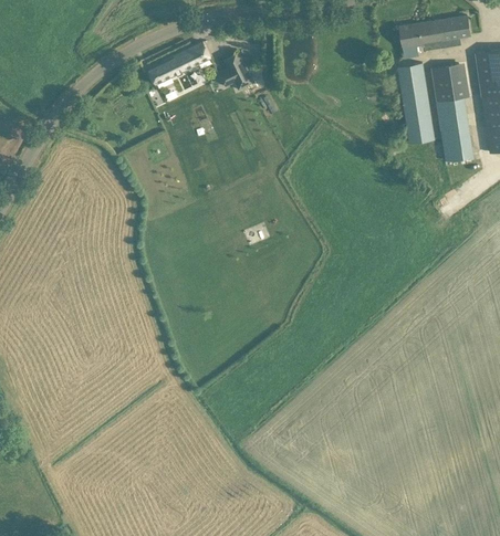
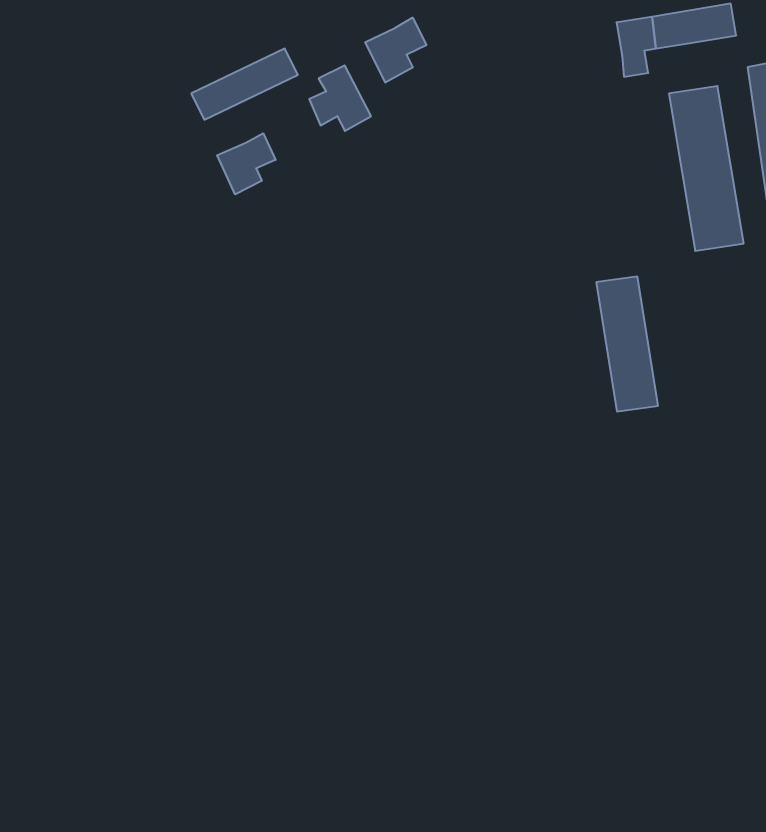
building: none -> [365,18,426,83]
building: [397,63,434,143] -> [596,277,658,411]
building: none -> [217,133,276,194]

